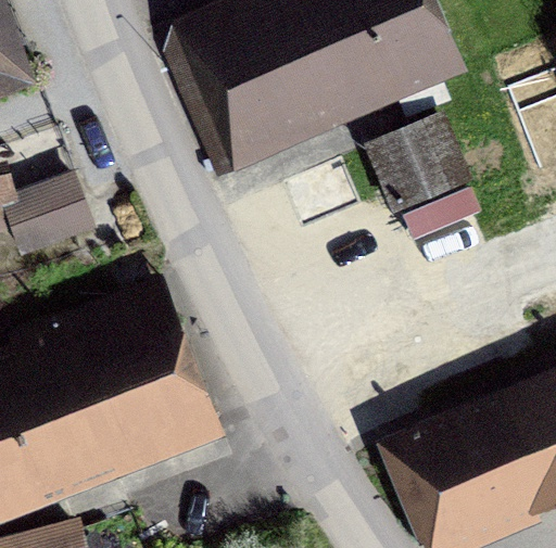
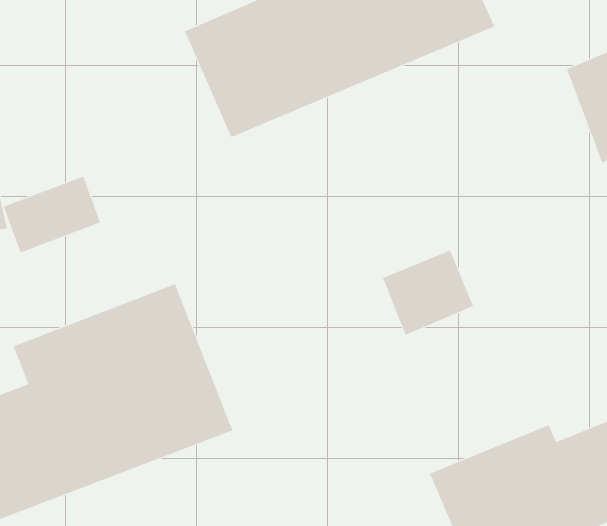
building: [386,144,467,220] -> [382,250,474,335]

